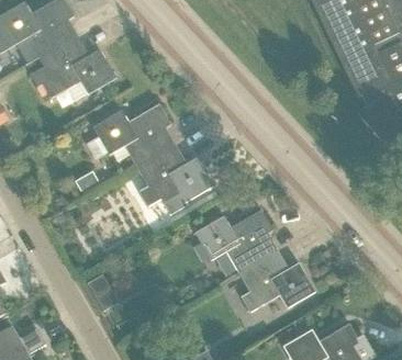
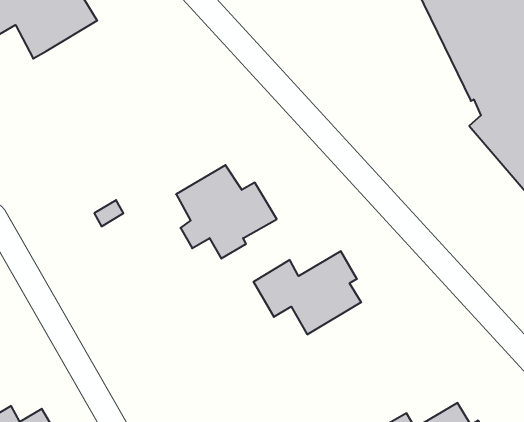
building: [31,35,115,98] -> none
building: [94,103,175,166] -> none
building: [236,247,314,312] -> none

